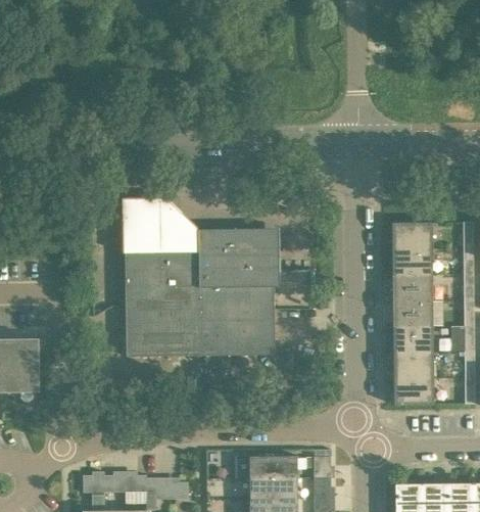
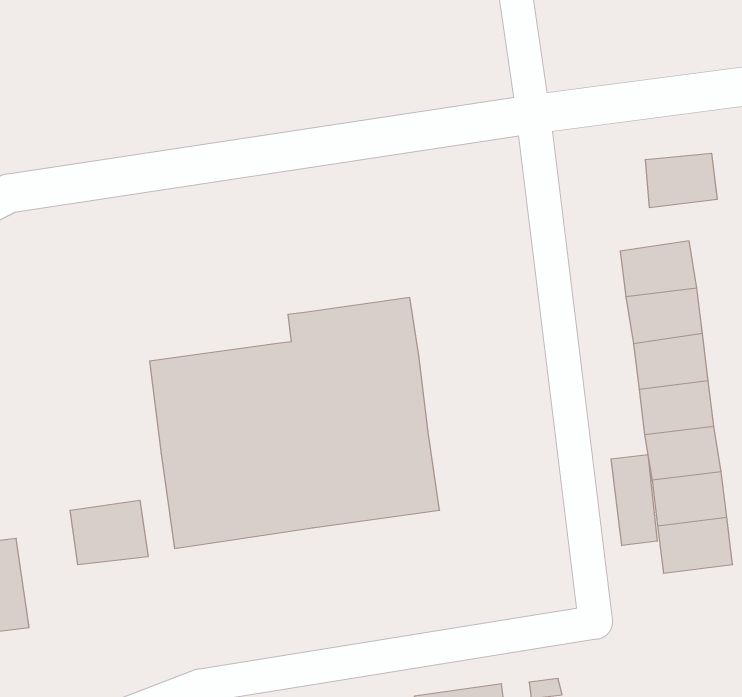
building: none -> [645,153,717,208]
building: [123,187,195,252] -> none
building: none -> [70,500,148,565]
building: none -> [611,454,657,546]

